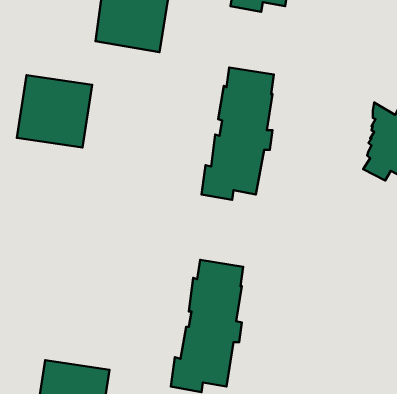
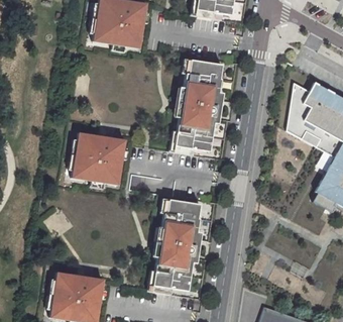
building: [17,75,92,148] -> [71,132,125,185]

